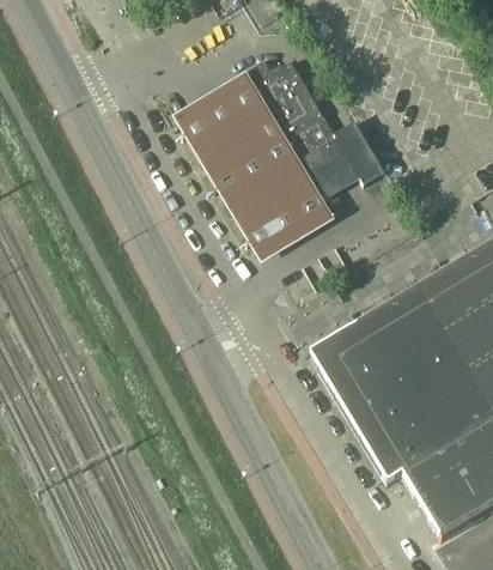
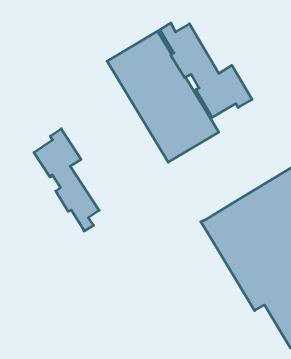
building: none -> [34,129,99,231]

